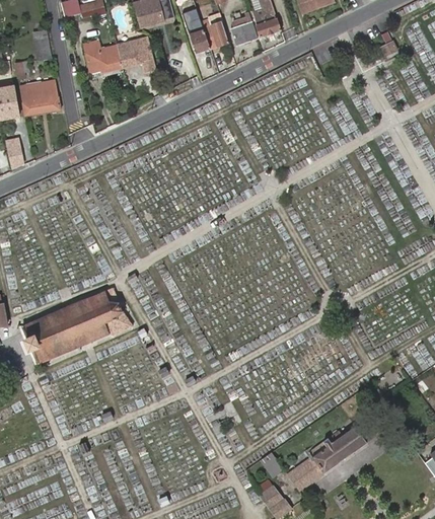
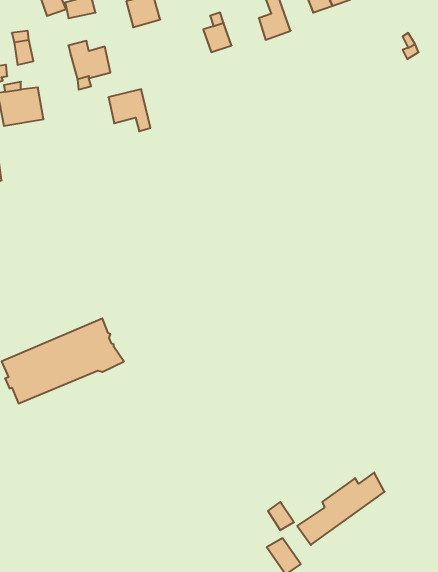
building: [182,11,210,55] -> none
building: [230,12,257,46] -> none
building: [115,38,152,75] -> [108,89,150,131]

